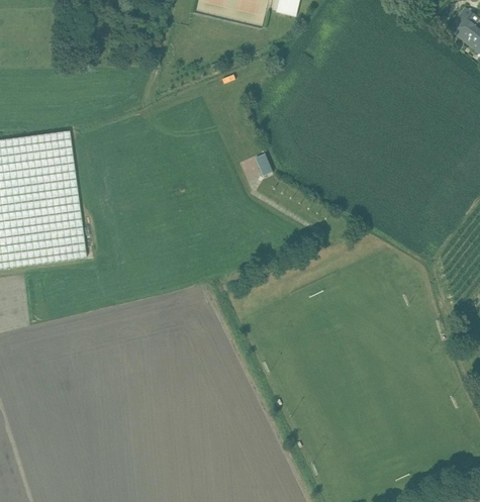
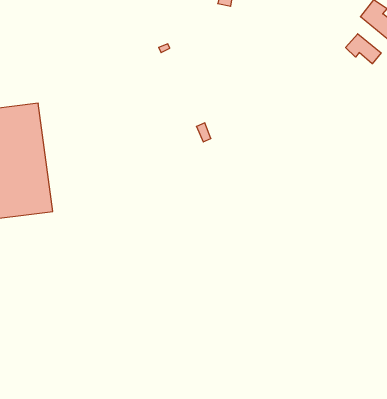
building: none -> [346,34,381,64]

